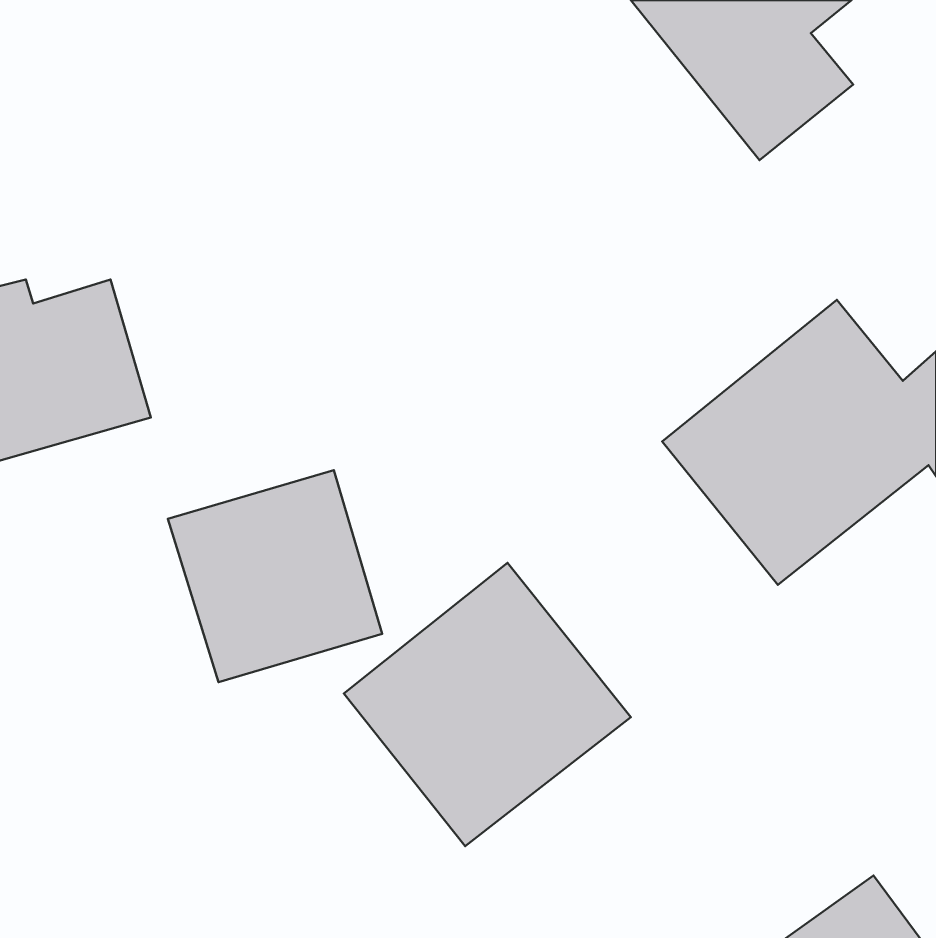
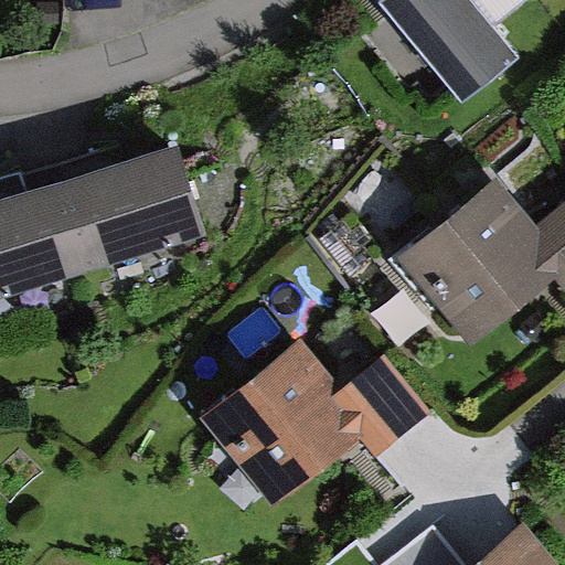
building: none -> [66,139,195,252]
building: [168,470,382,682] -> none

